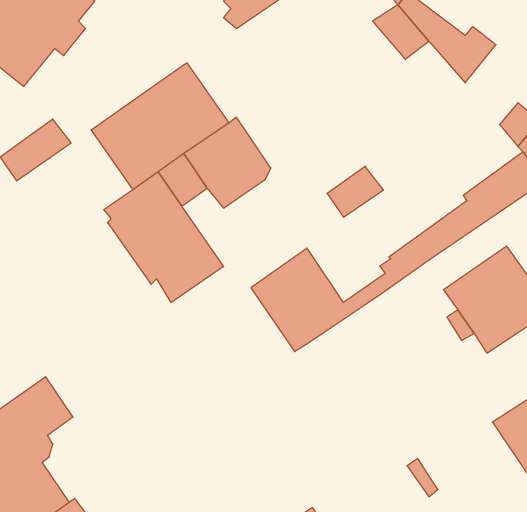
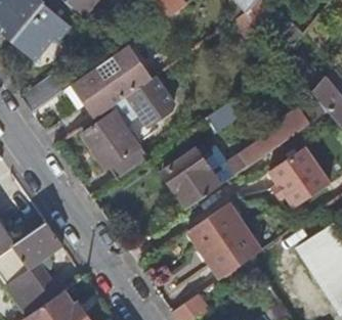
building: none -> [187,203,263,279]

